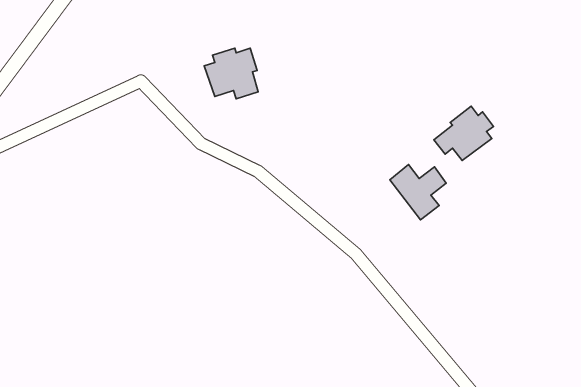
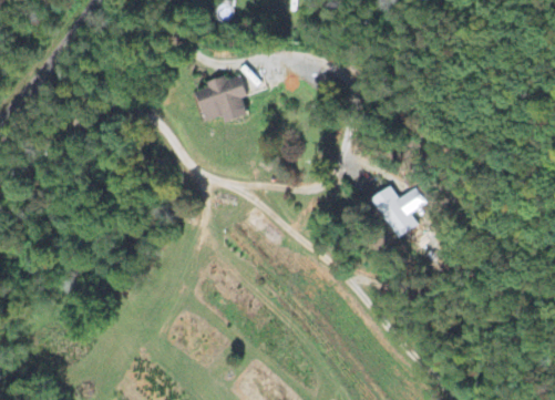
building: [434,106,493,160] -> none

